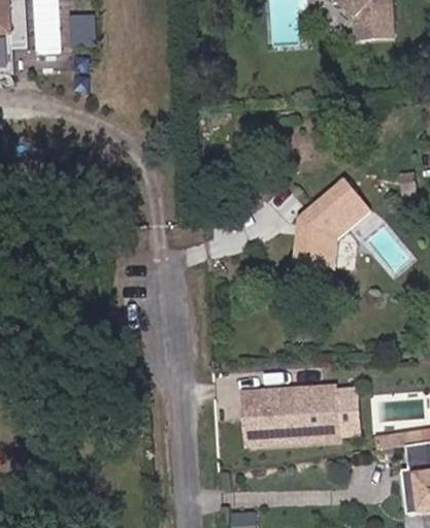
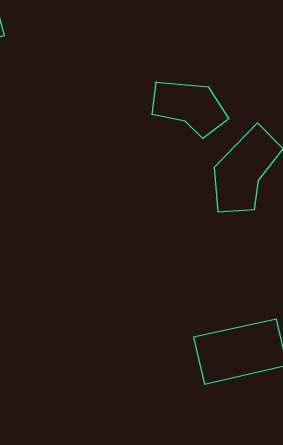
building: none -> [152,82,229,139]

